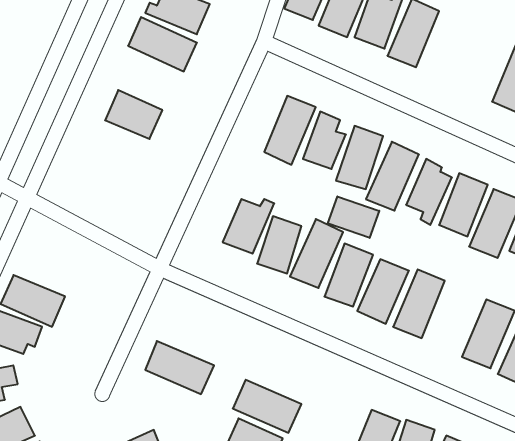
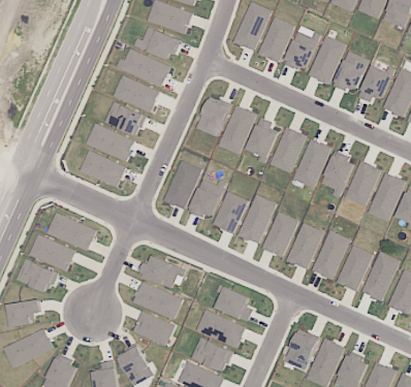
building: none -> [333,51,369,91]
building: none -> [357,65,392,102]
building: none -> [114,77,159,110]
building: none -> [197,98,229,136]
building: none -> [86,124,135,161]
building: none -> [80,151,126,188]
building: none -> [163,160,202,209]
building: [328,196,379,238] -> none
building: none -> [46,213,97,251]
building: none -> [336,246,372,292]
building: none -> [141,255,186,288]
building: none -> [216,288,252,320]
building: none -> [133,313,175,345]

